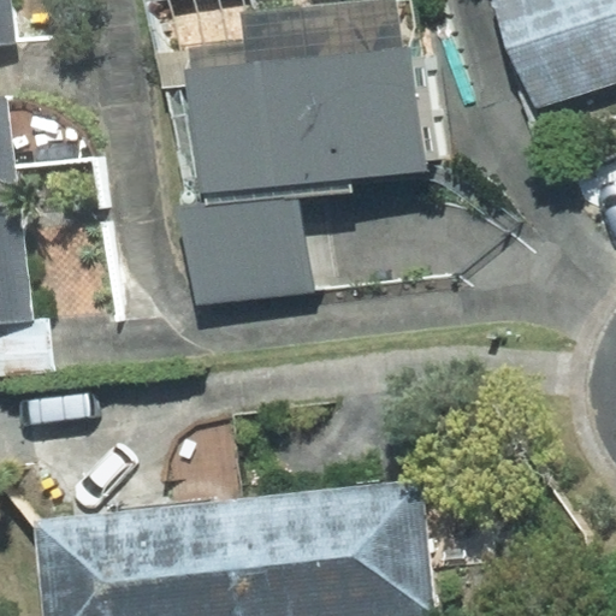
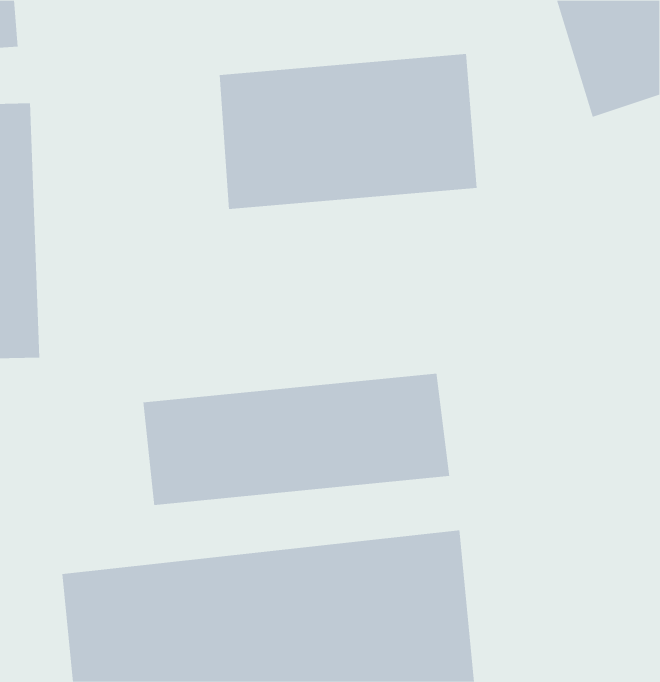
building: [180,190,312,302] -> none
building: none -> [143,373,450,506]

